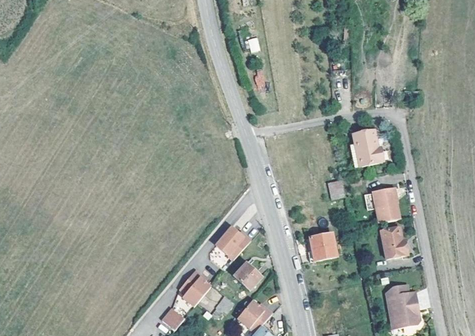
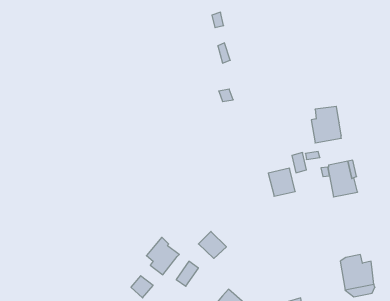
building: [380,222,407,254] -> none
building: [216,225,252,259] -> none
building: [309,233,337,262] -> [268,168,295,196]
building: [240,297,275,329] -> none

